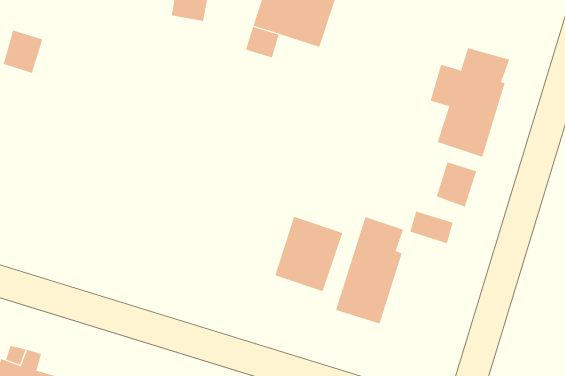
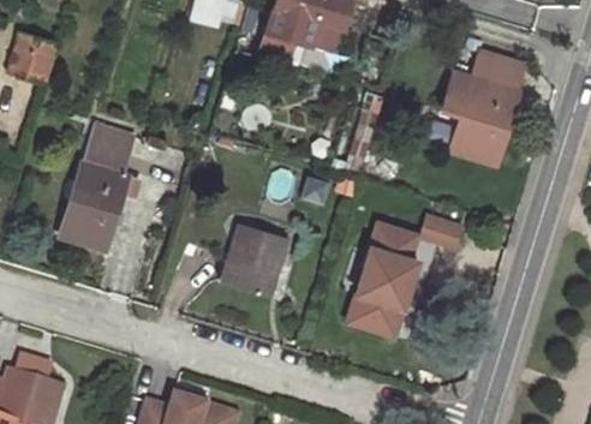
building: none -> [59,123,136,246]
building: [436,162,477,207] -> none
building: [275,216,343,292] -> [220,222,289,299]

